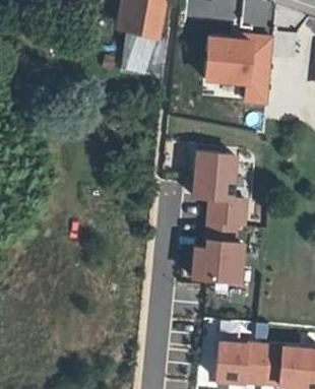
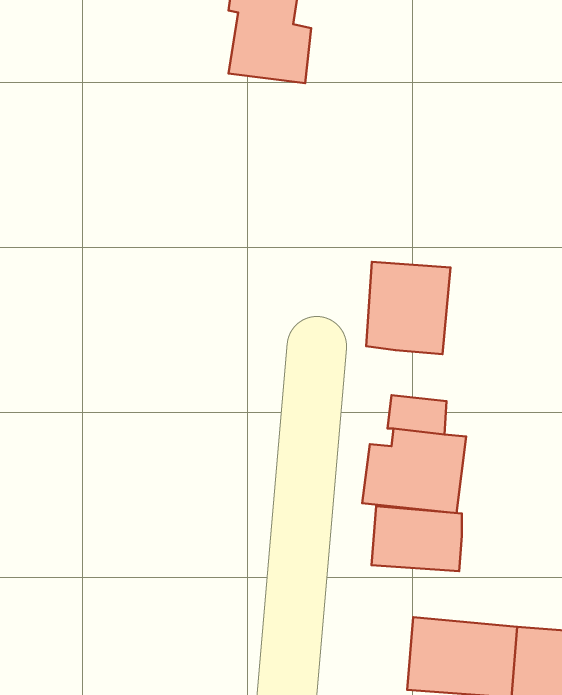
building: [206,36,273,104] -> none
building: [207,202,247,229] -> none
building: none -> [371,506,462,571]

